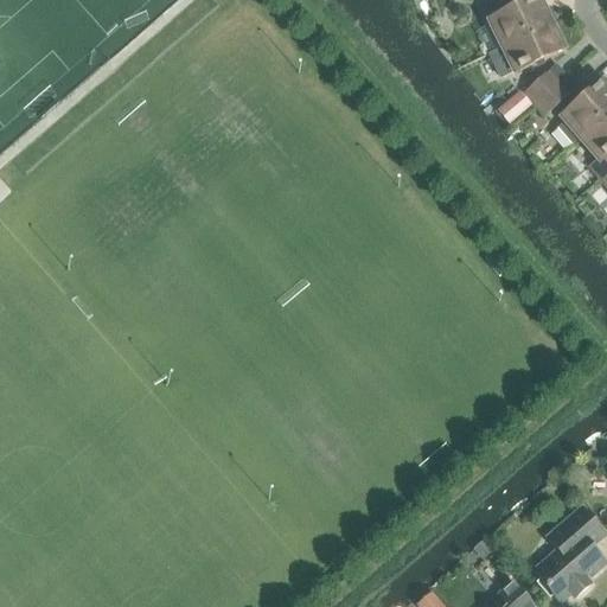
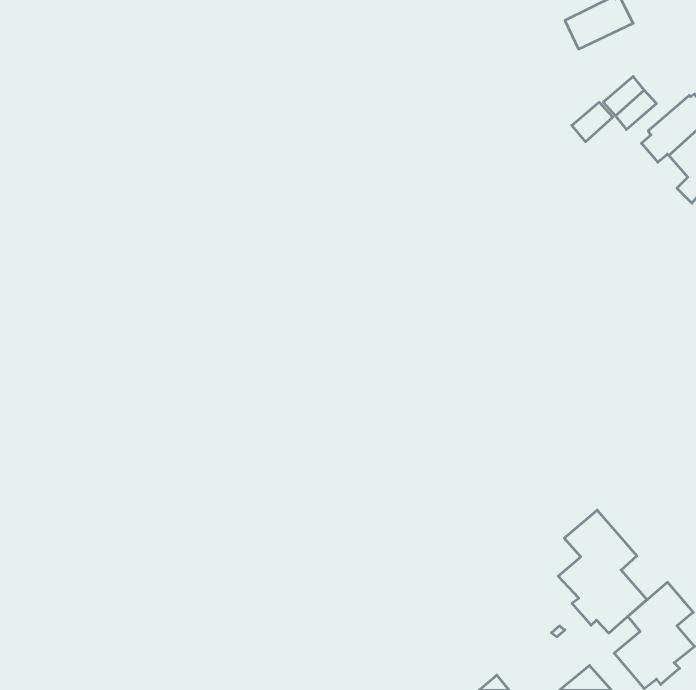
building: [488,20,563,74] -> none
building: none -> [558,510,647,633]

